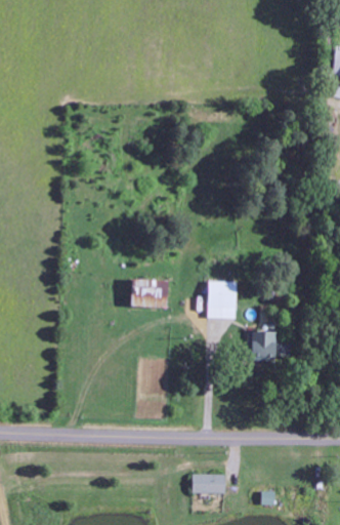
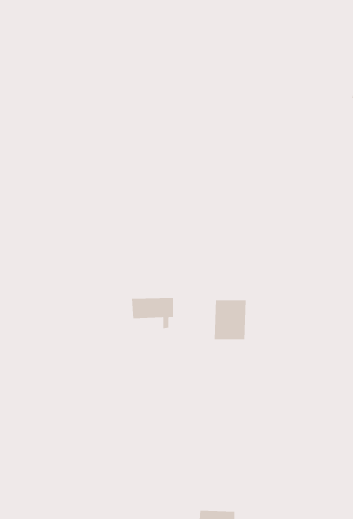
building: [248,330,288,360] -> none

